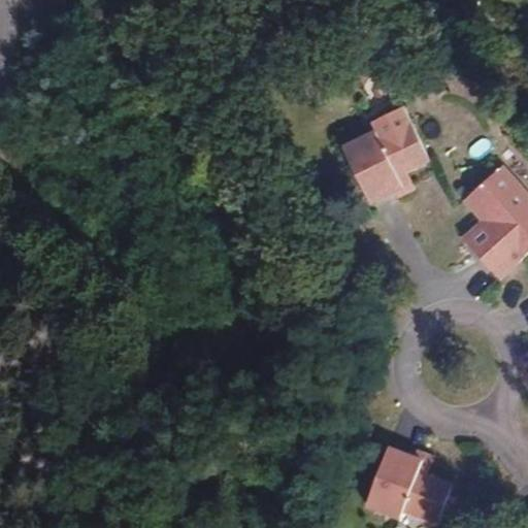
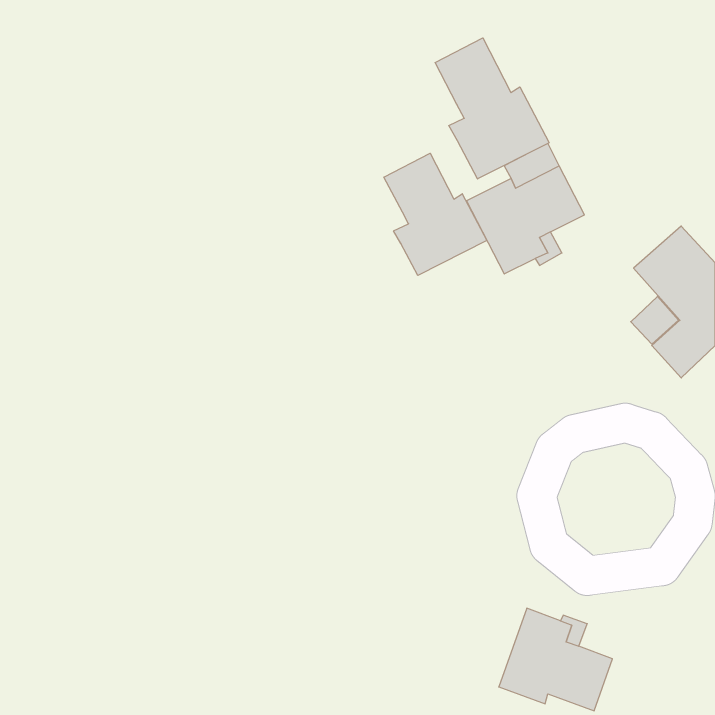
building: none -> [435,38,549,179]
building: none -> [384,153,487,275]

